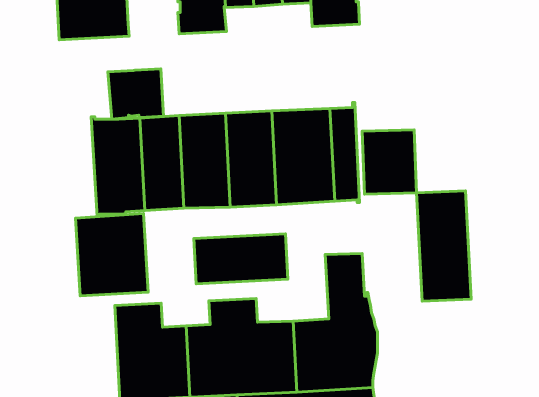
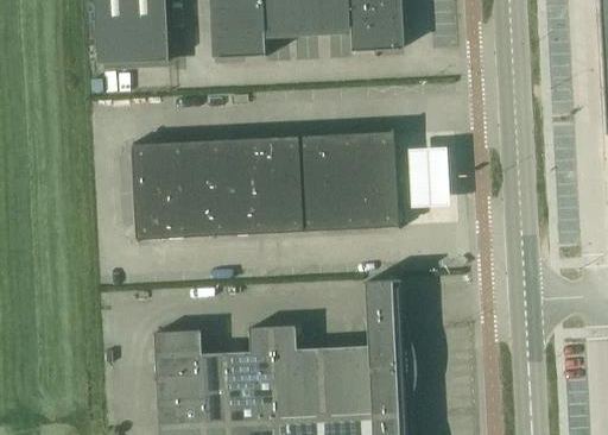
building: [108,69,164,119] -> none
building: [417,191,471,301] -> none
building: [76,214,148,296] -> none
building: [194,234,288,284] -> none

